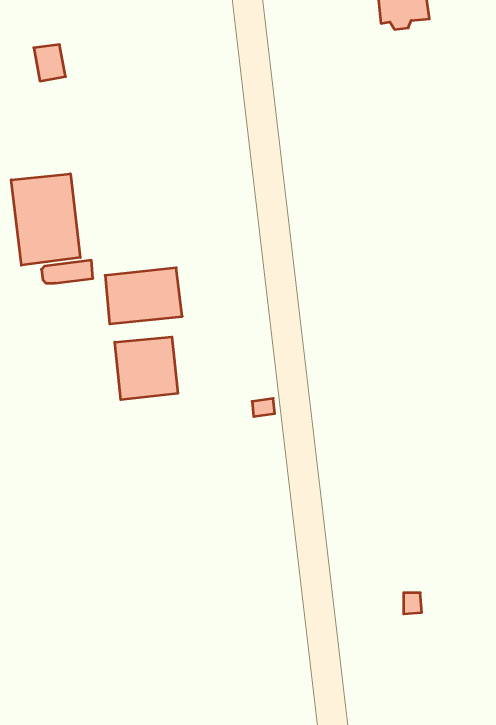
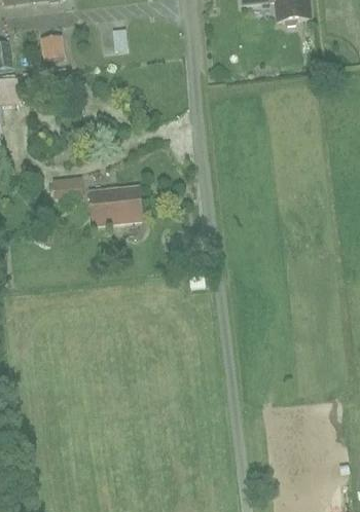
building: [11,174,80,265] -> none
building: [115,337,178,400] -> none

